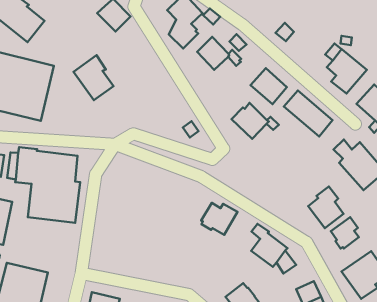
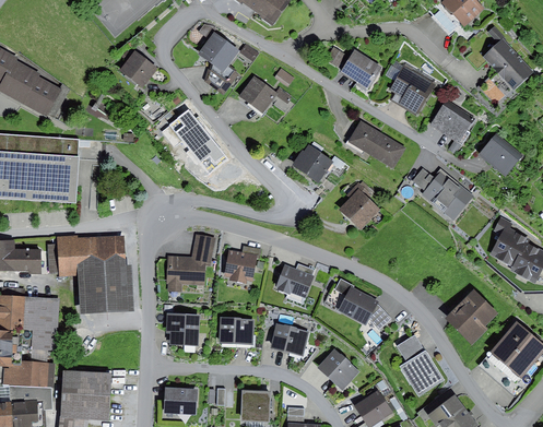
building: [73,55,114,100] -> [166,110,214,162]
building: [251,68,287,104] -> [340,49,381,88]
building: none -> [166,234,215,292]
building: none -> [223,246,261,283]
building: [308,186,344,228] -> [338,181,379,229]
building: [331,217,359,249] -> none
building: none -> [165,312,200,345]
building: none -> [220,317,253,344]
building: none -> [270,323,308,356]

